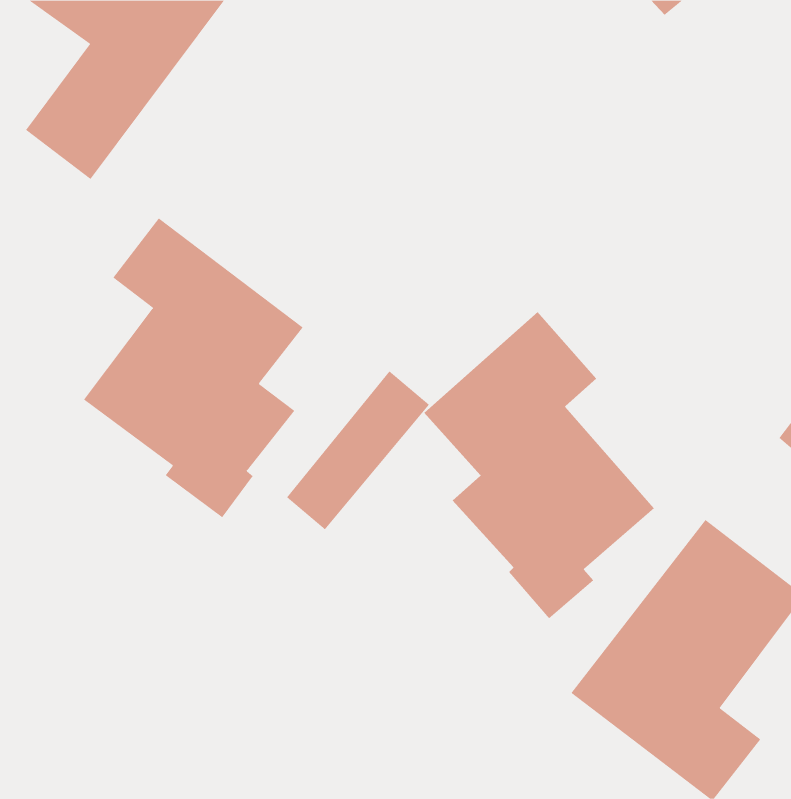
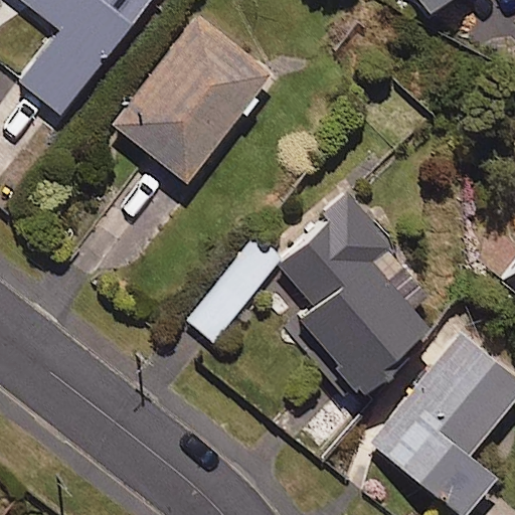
building: none -> [114,16,270,180]
building: [83,217,304,518] -> none

